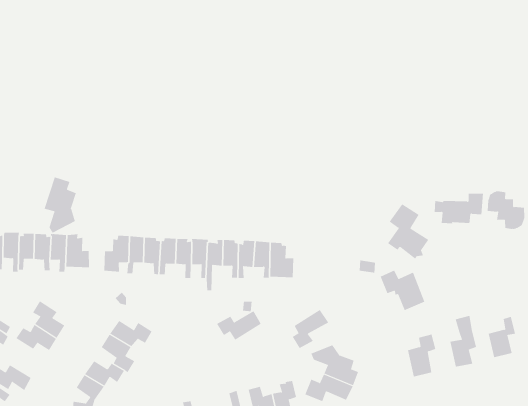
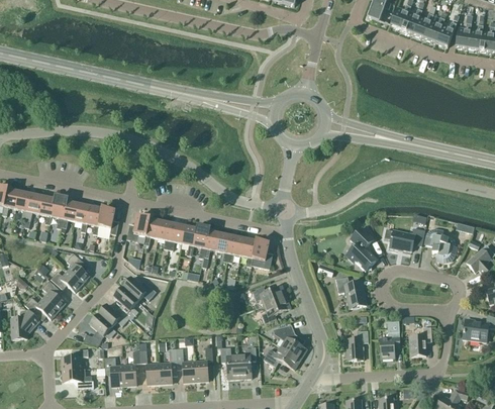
building: [44,176,77,234] -> none
building: [216,311,261,340] -> [252,285,286,305]
building: none -> [42,280,66,310]

